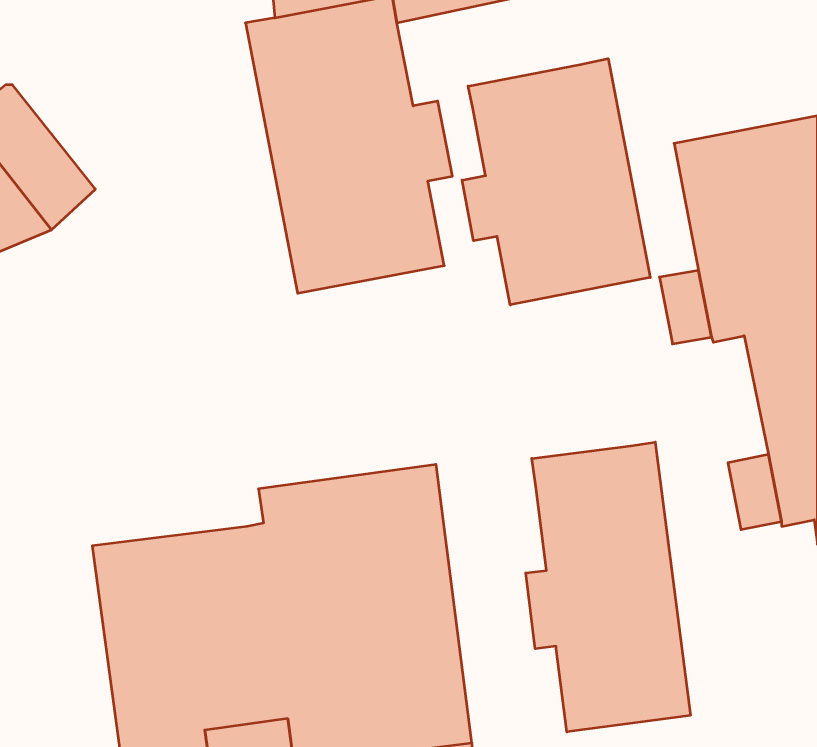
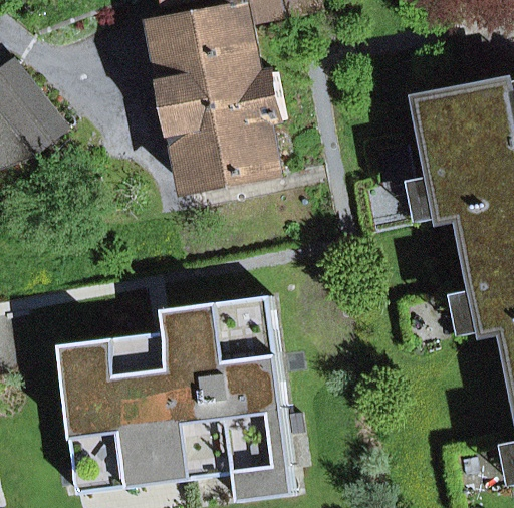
building: [462,59,650,305] -> none
building: [526,442,690,732] -> none

